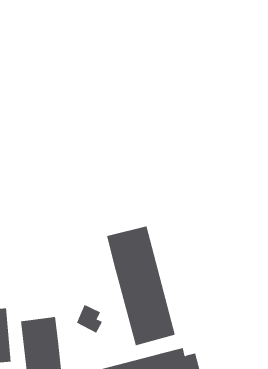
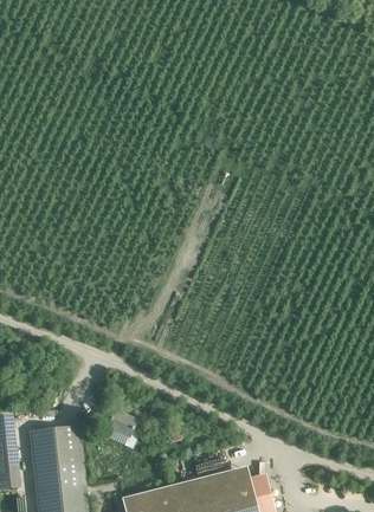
building: [107,226,175,346] -> none

